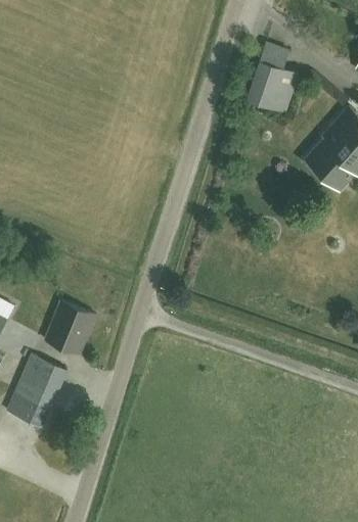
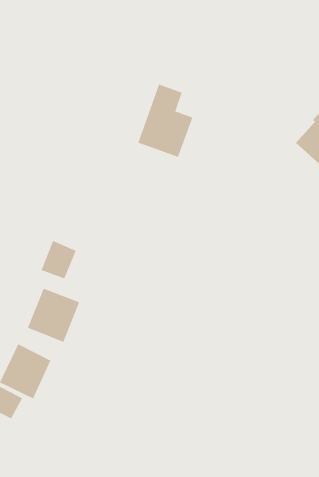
building: [245,43,300,114] -> [137,84,193,158]
building: none -> [41,240,76,279]

